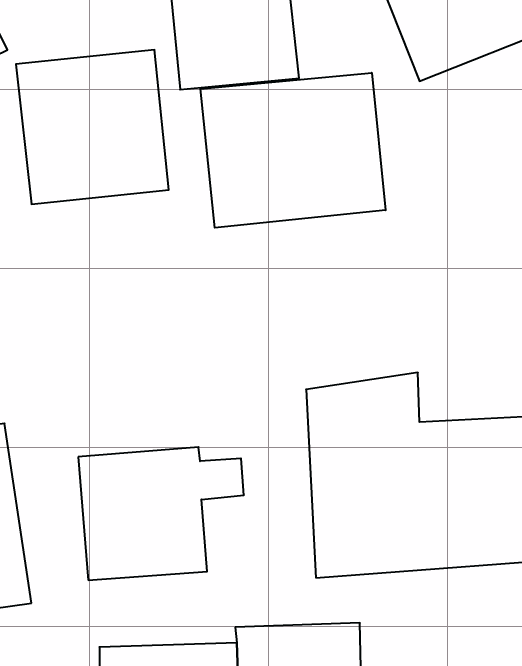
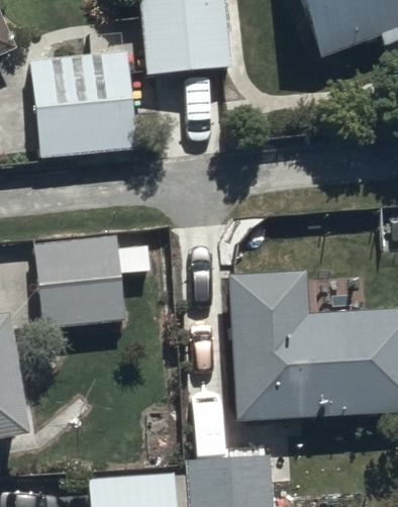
building: [201,73,386,228] -> none
building: [78,447,244,580] -> [29,232,147,327]

